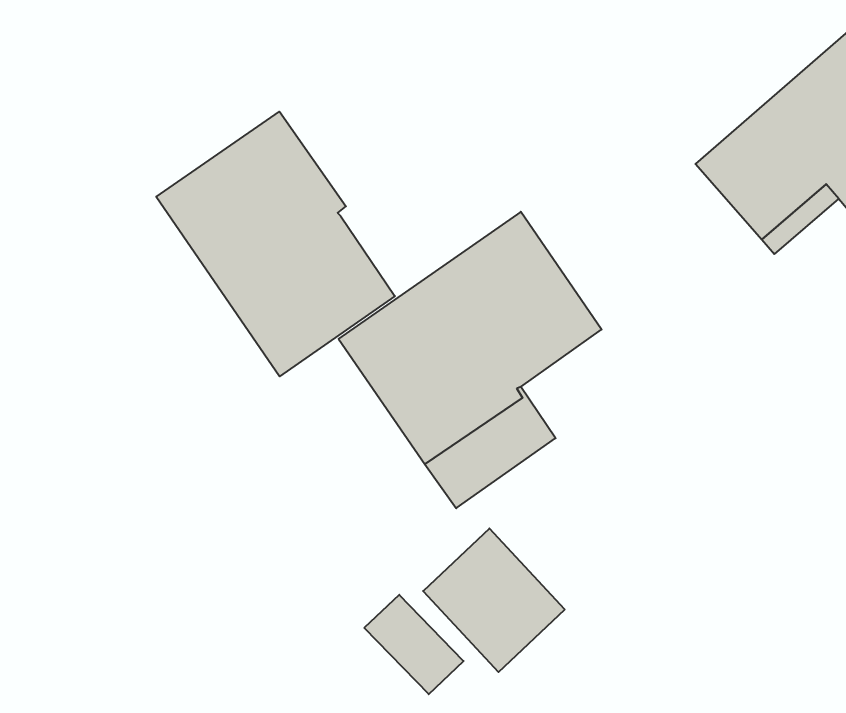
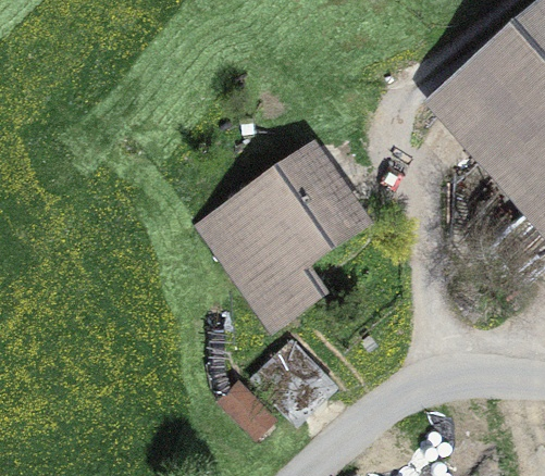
building: [156,112,395,376] -> none

